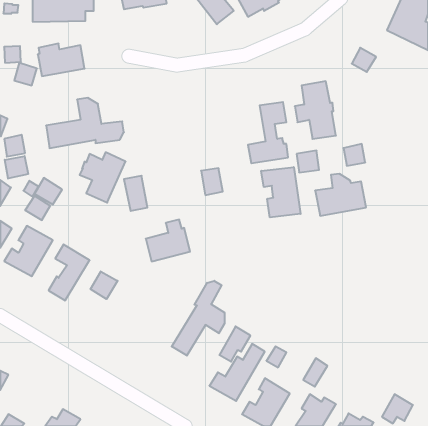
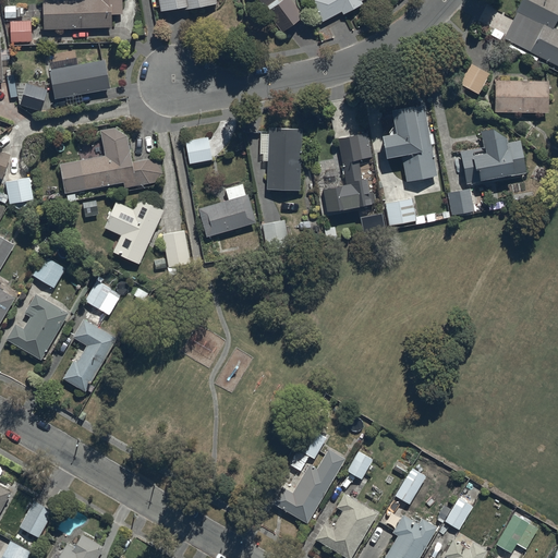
building: [4,46,21,63] -> [10,20,32,41]
building: none -> [495,80,549,112]
building: none -> [259,128,302,190]
building: none -> [185,136,211,163]
building: [5,156,28,179] -> none
building: [261,167,301,217] -> none
building: [315,174,366,216] -> [460,129,526,183]
building: [34,178,62,205] -> [85,279,121,314]
building: [146,220,190,261] -> [198,182,256,236]
building: [91,271,118,299] -> none
building: [172,281,225,356] -> none
building: none -> [445,497,472,529]
building: none -> [20,500,53,537]

